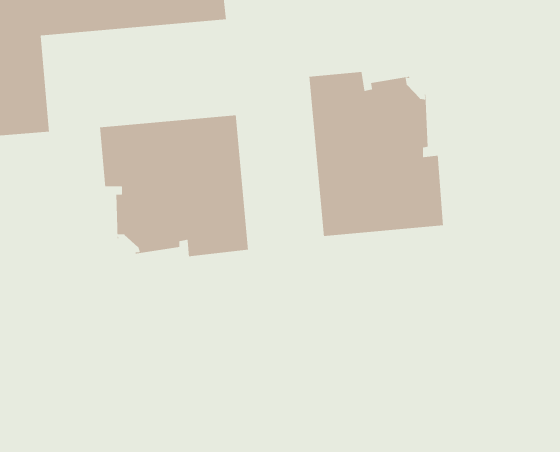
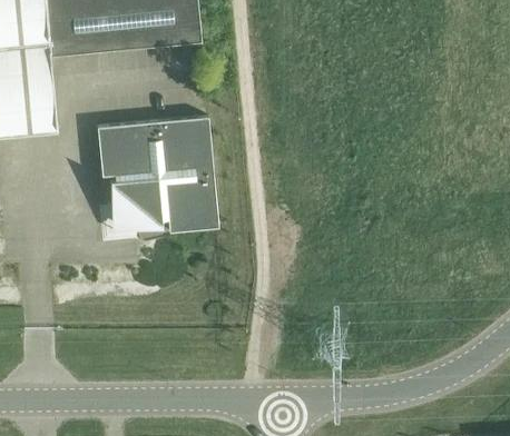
building: [309,71,444,237] -> none

